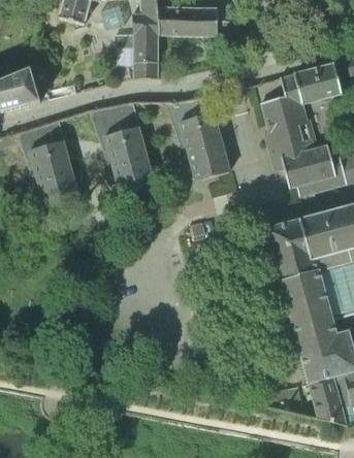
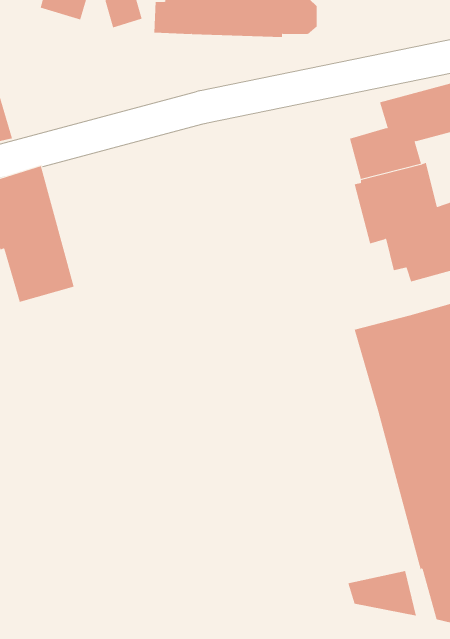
building: [116,33,159,77] -> none
building: [167,94,232,181] -> none
building: [90,100,157,195] -> none

